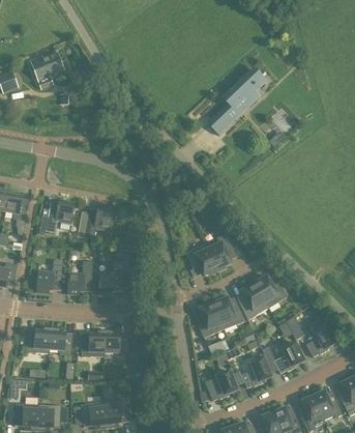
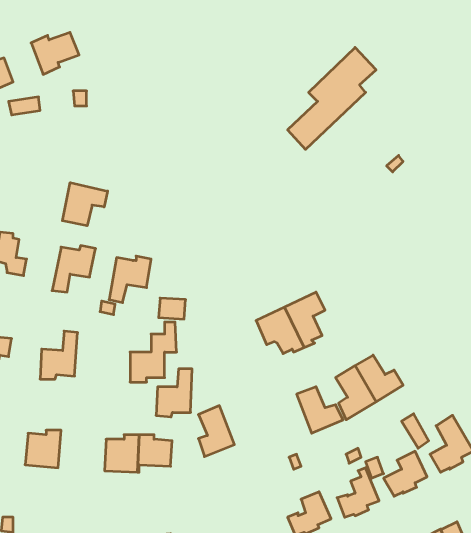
building: none -> [62,183,108,226]
building: [66,261,91,294] -> [156,369,192,417]
building: [198,302,223,338] -> [198,406,234,457]
building: [48,327,72,355] -> none

